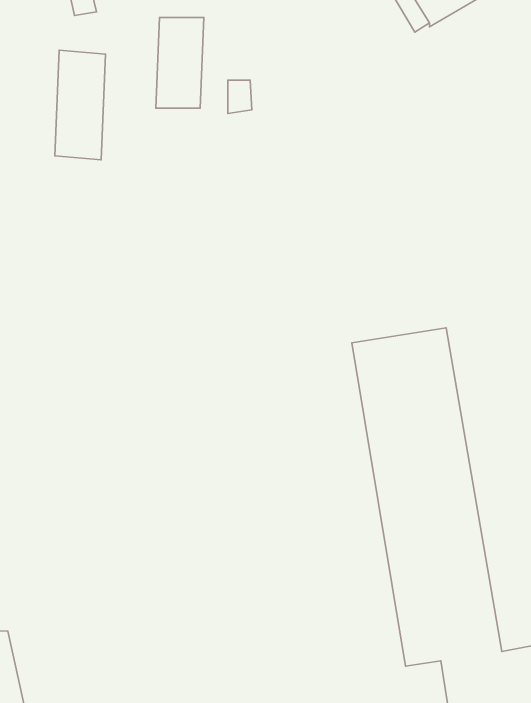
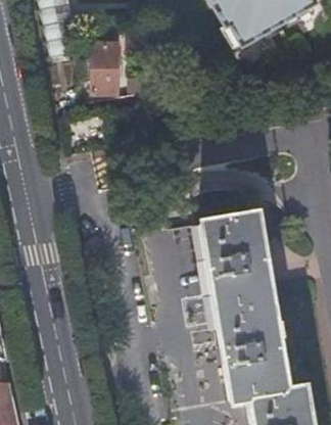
building: [55,50,105,160] -> none

